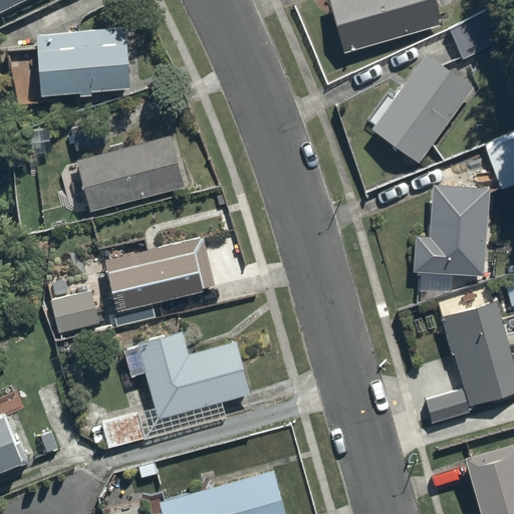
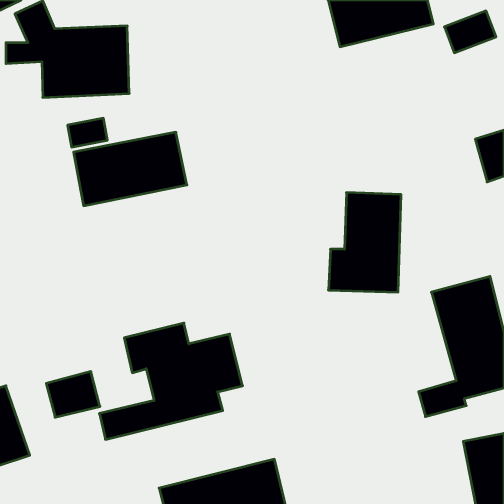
building: [368,48,481,166] -> none
building: [413,179,486,279] -> [328,193,401,292]
building: [101,243,213,324] -> none
building: [48,287,102,333] -> [46,372,100,417]

